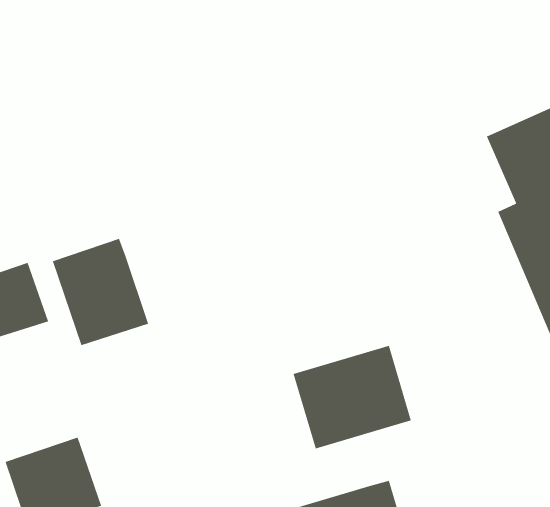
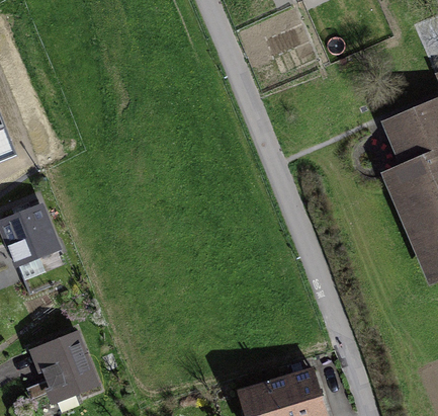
building: [52,238,149,346] -> none
building: [293,345,412,449] -> none

